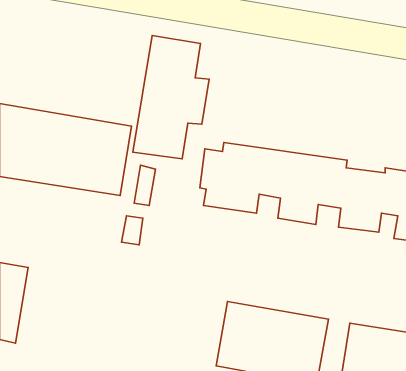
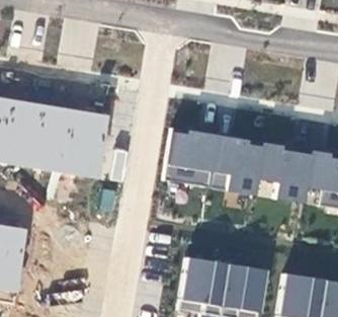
building: [133,35,209,159] -> none

